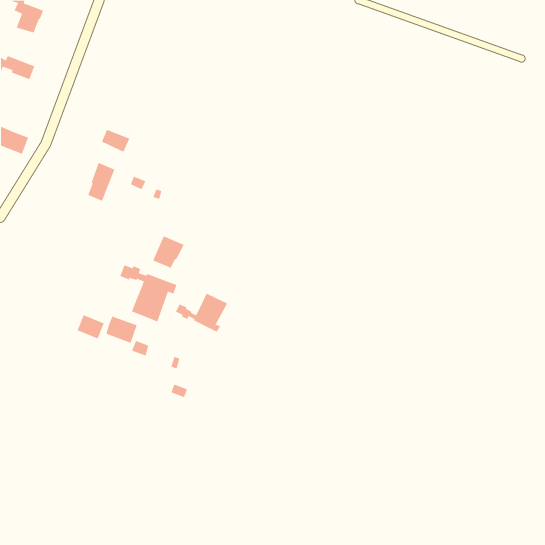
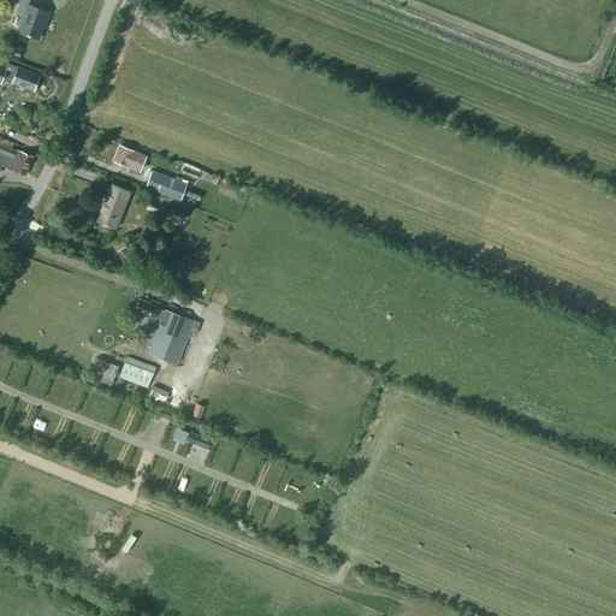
building: none -> [147,171,186,200]
building: [152,236,185,269] -> none
building: [175,293,228,333] -> none

